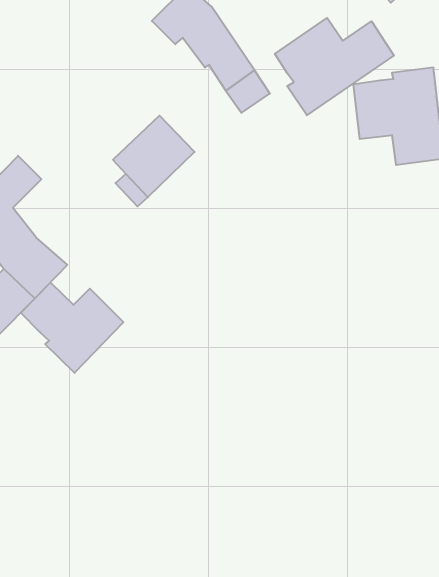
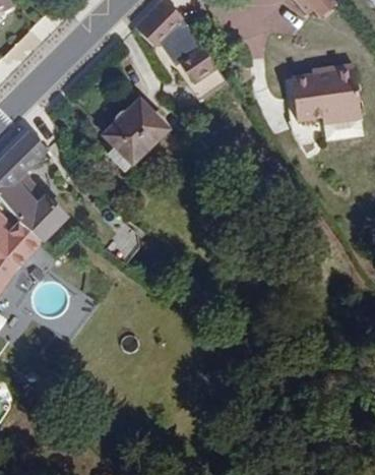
building: [275,18,394,115] -> none
building: [21,283,123,373] -> none

